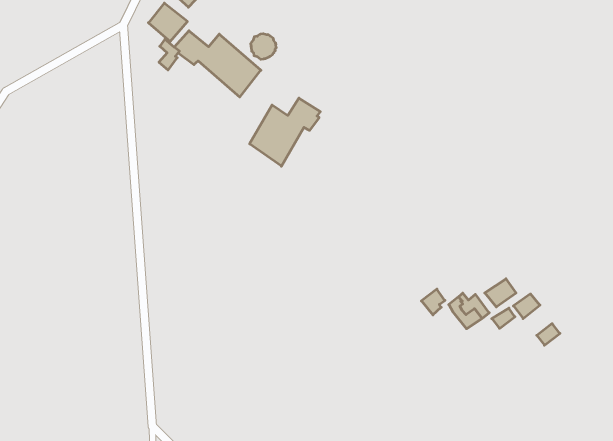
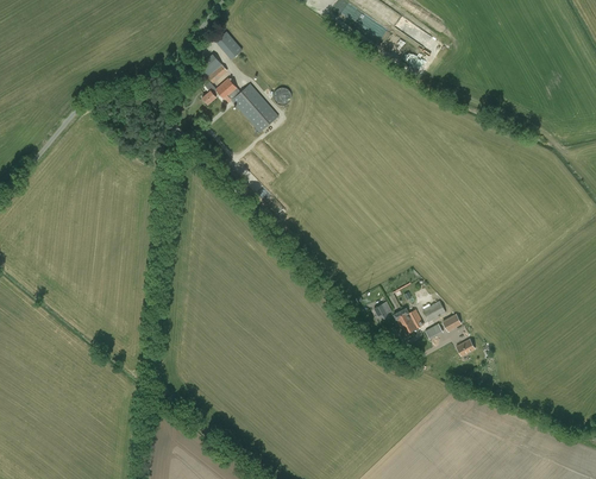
building: [250,98,320,166] -> none

